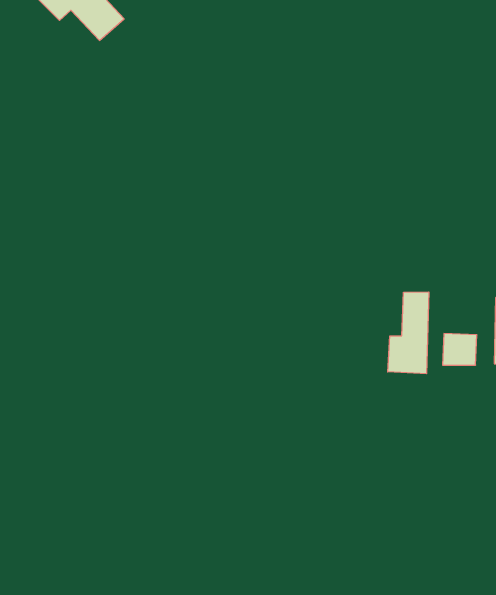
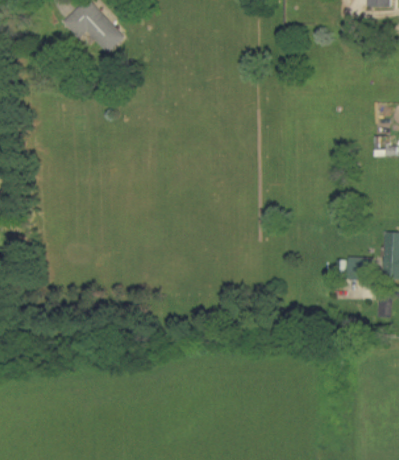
building: [388,292,429,374] -> none

